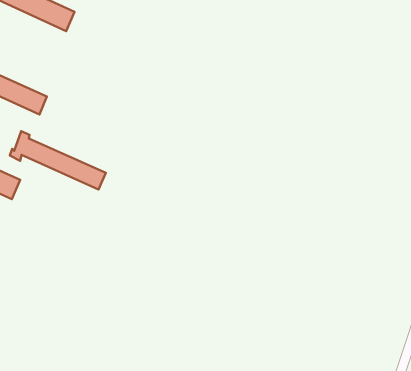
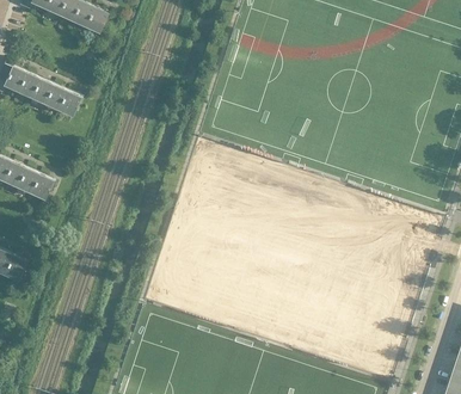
building: [10,131,106,189] -> none

